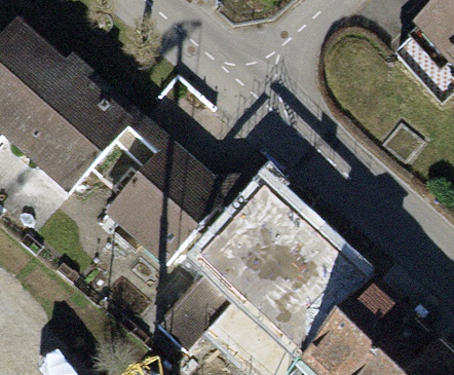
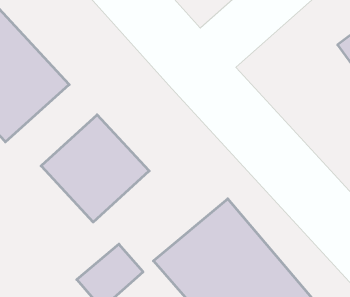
building: [196,187,302,294] -> none

